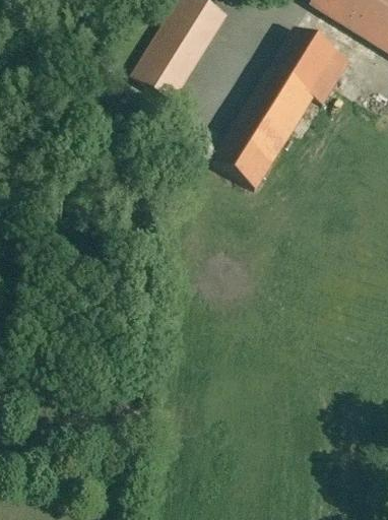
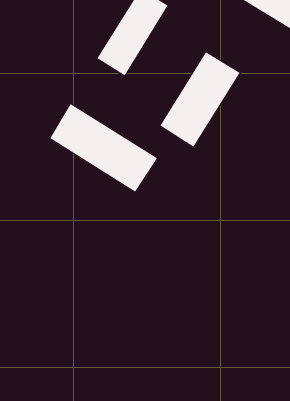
building: [269,26,348,102] -> none
building: none -> [49,103,158,193]

